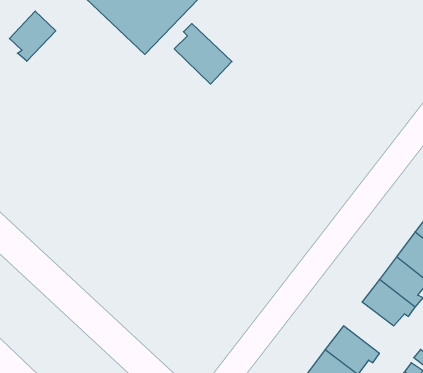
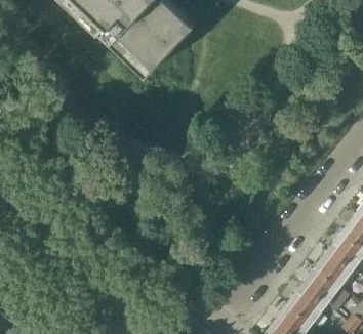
building: [9,11,56,61] -> none
building: [174,24,232,84] -> none
building: none -> [300,267,339,307]

